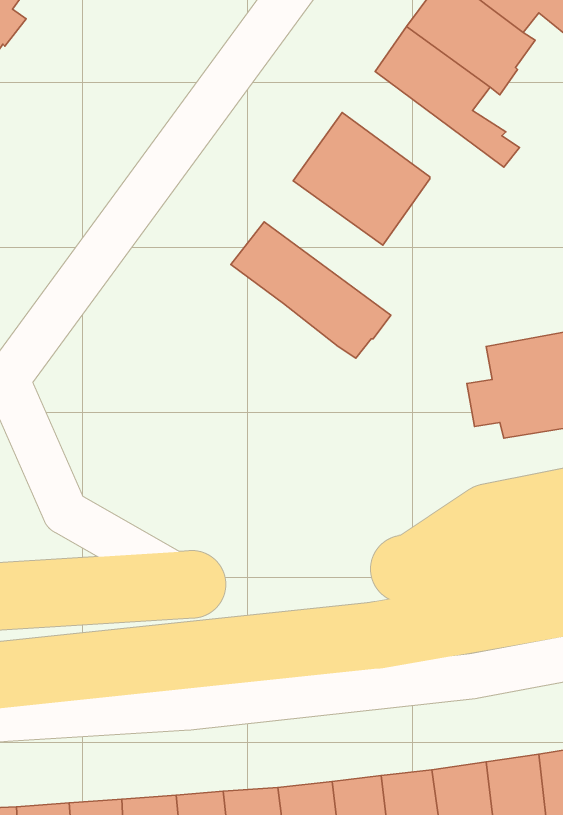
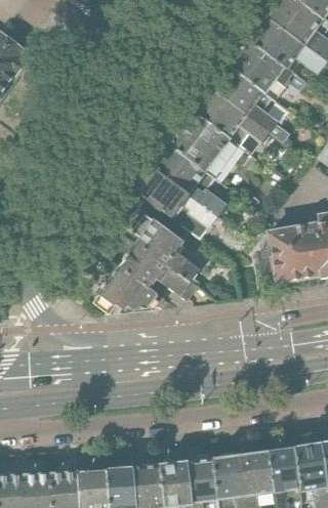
building: none -> [193,88,270,143]
building: none -> [152,145,228,216]
building: none -> [95,210,201,313]

